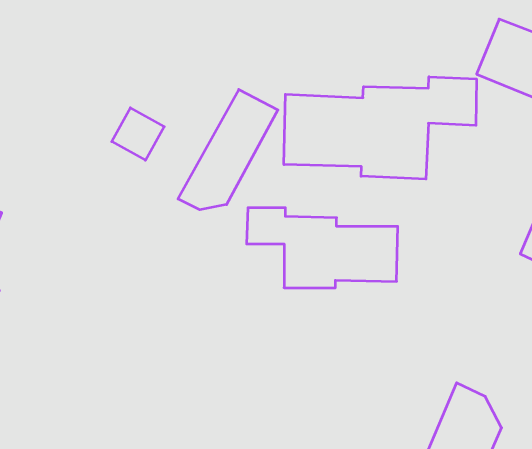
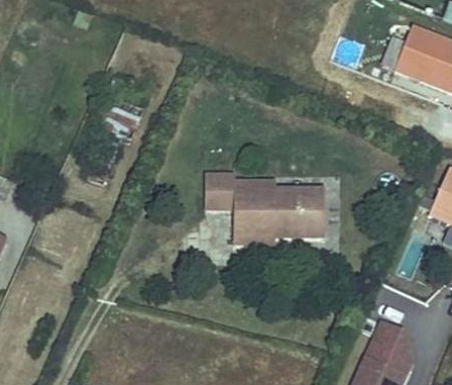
building: [284,77,476,179] -> none
building: [178,89,278,210] -> none

